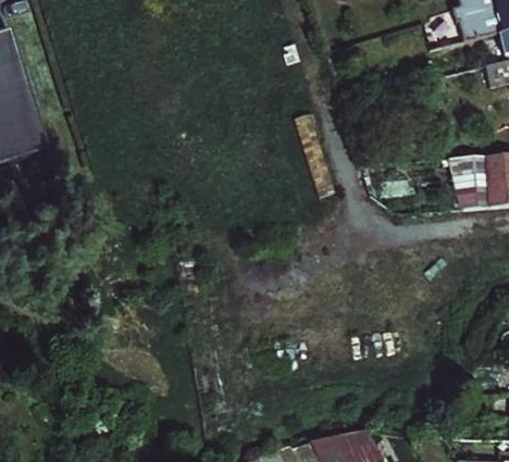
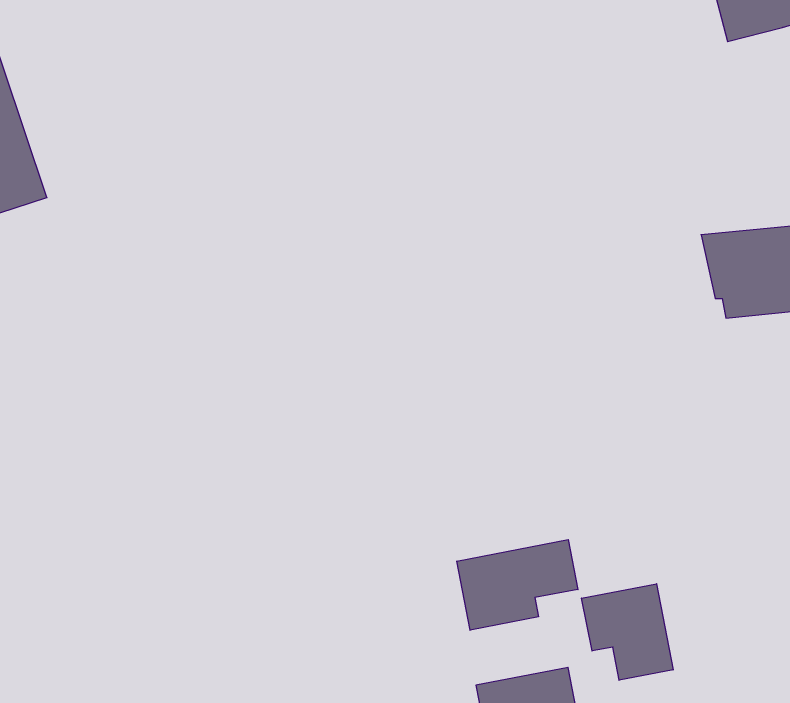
building: none -> [457,540,578,630]
building: none -> [582,584,673,680]

